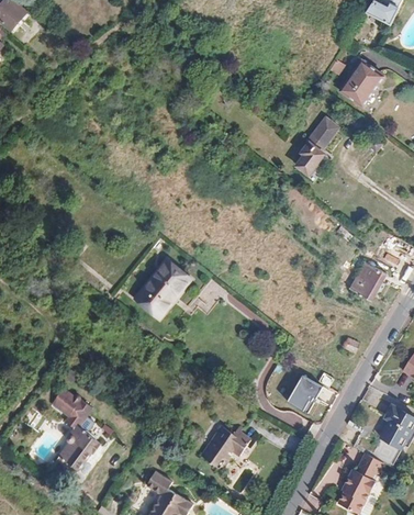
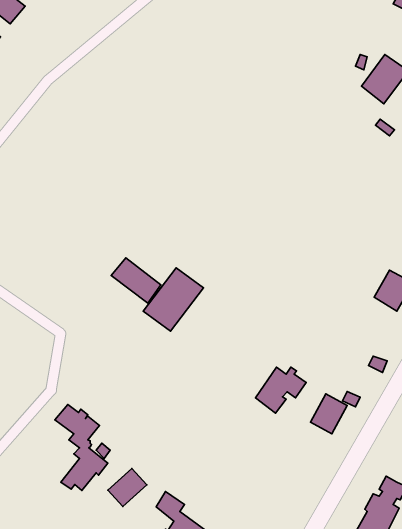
building: [291,116,336,180] -> none
building: none -> [111,258,161,303]
building: [198,424,245,467] -> [255,367,306,413]
building: none -> [108,468,147,506]

